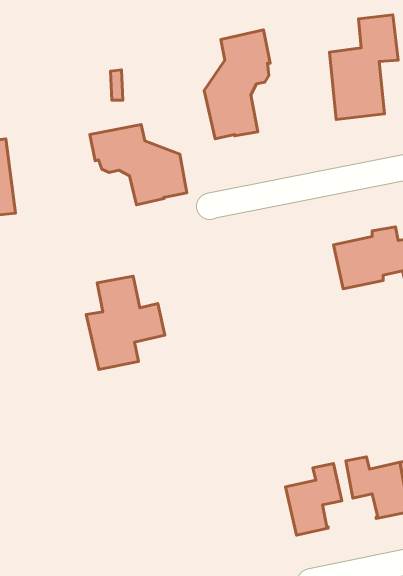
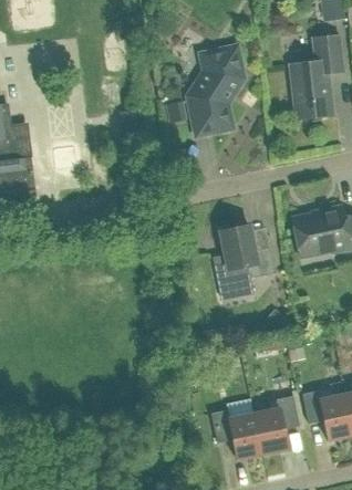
building: [90,125,187,205] -> none
building: [86,276,165,370] -> [211,225,275,300]
building: none -> [210,409,262,458]

